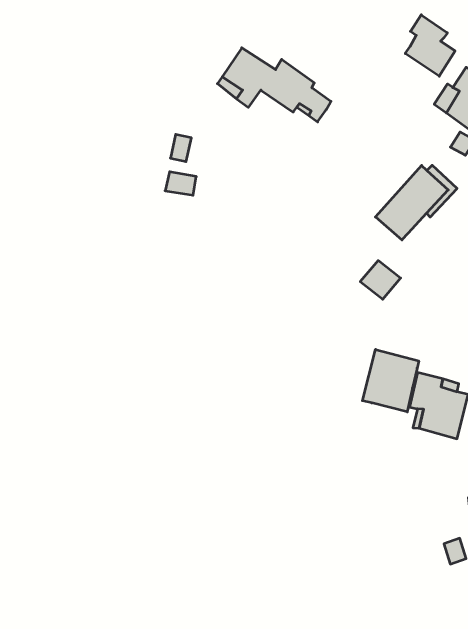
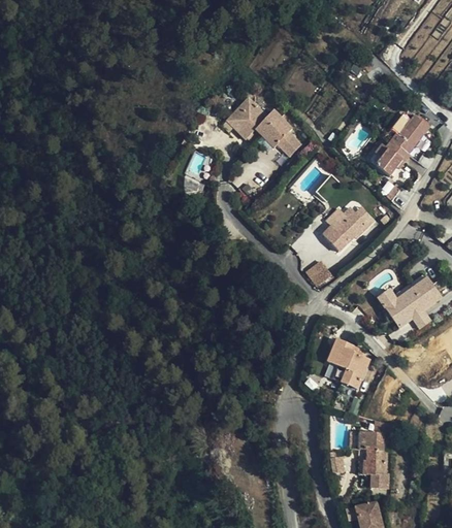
building: [405,15,455,76] -> none
building: [362,349,419,412] -> none

